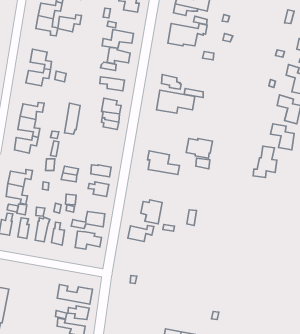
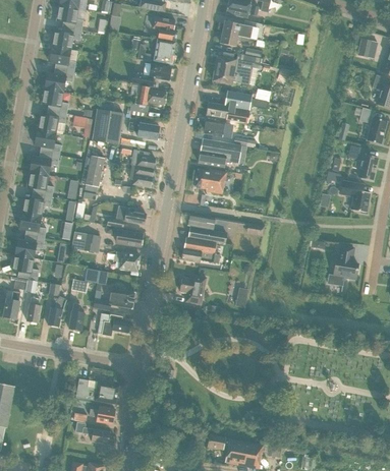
building: none -> [154,39,175,63]
building: [58,15,82,32] -> [45,70,74,92]
building: none -> [207,91,252,122]
building: none -> [93,109,123,143]
building: none -> [35,129,61,155]
building: [186,139,213,158] -> [194,169,227,193]
building: none -> [102,208,146,227]
building: [253,146,277,177] -> [328,246,357,285]
building: none -> [19,213,47,238]
building: none -> [181,237,216,262]
building: [128,226,154,241] -> none

